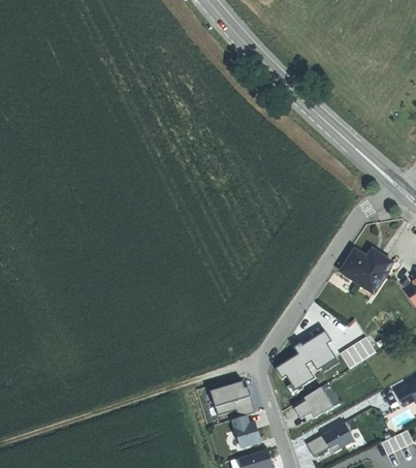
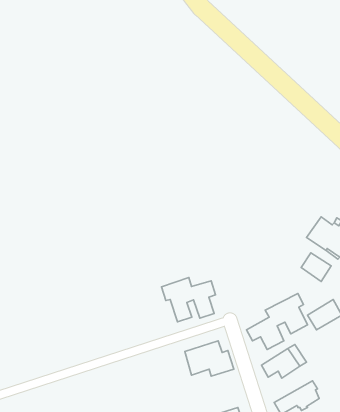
building: none -> [301,253,331,281]
building: none -> [162,277,216,322]
building: [232,416,261,448] -> none

